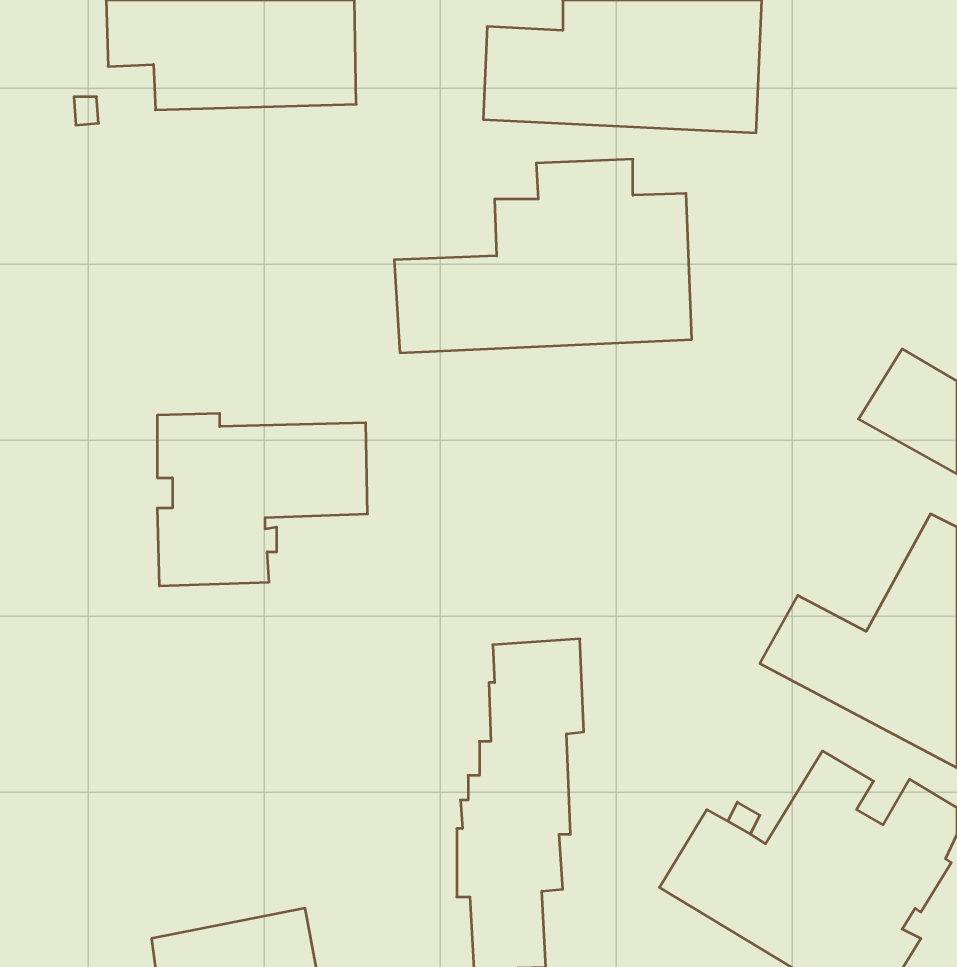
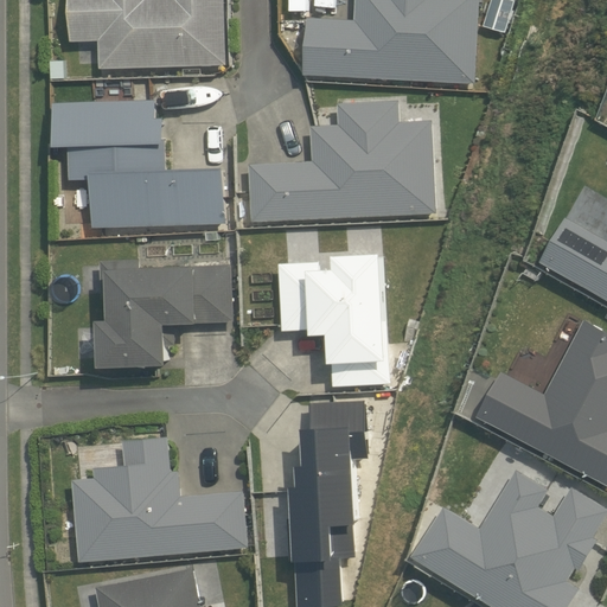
building: none -> [51,101,224,229]
building: none -> [276,253,389,388]
building: none -> [70,436,245,563]

